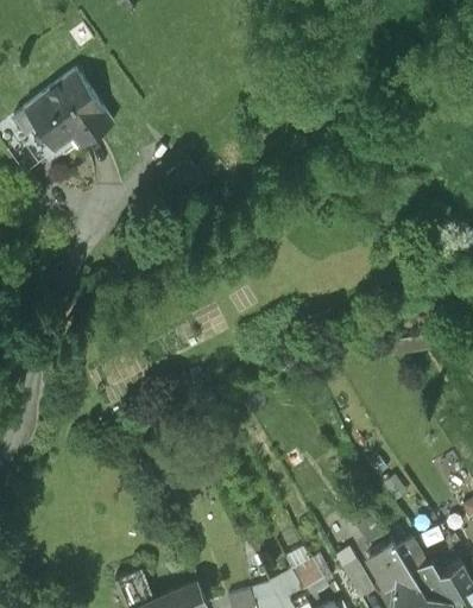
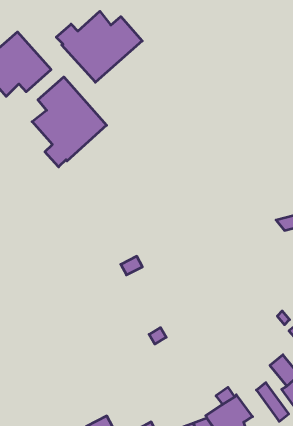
building: none -> [56,11,142,82]
building: none -> [32,77,107,167]

